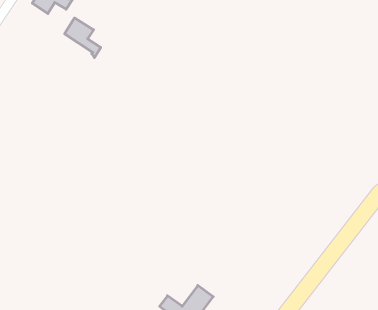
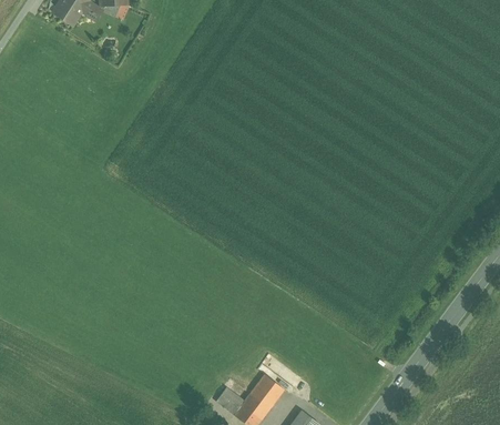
building: [65,18,101,58] -> none

